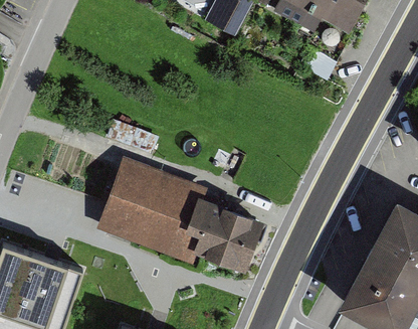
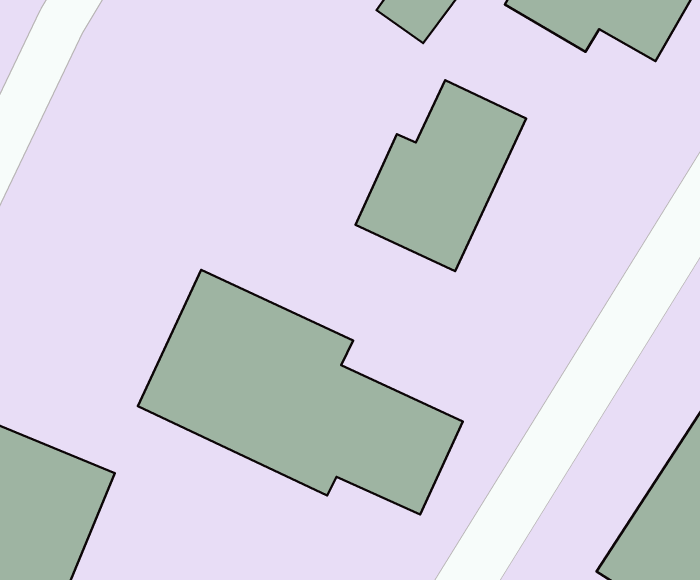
building: none -> [355,80,526,271]

